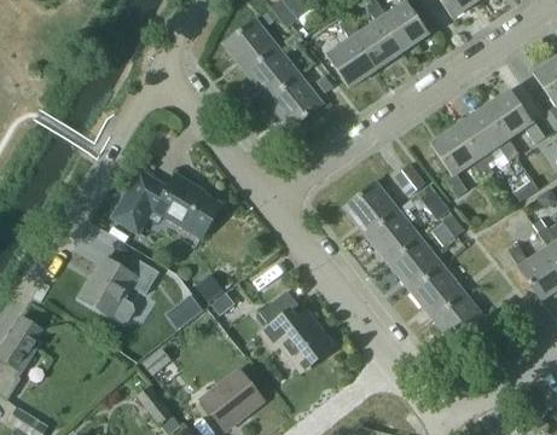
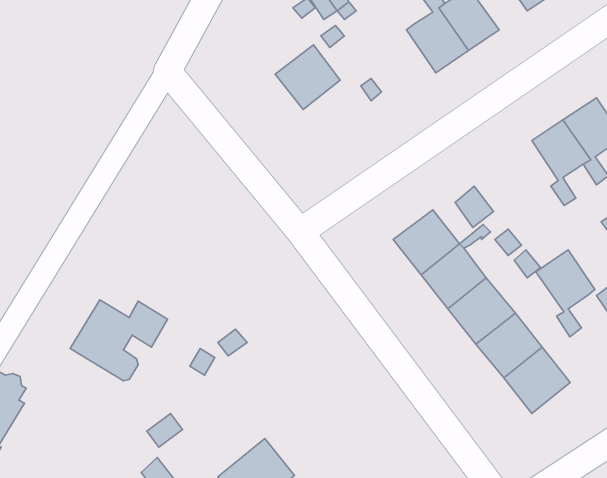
building: [327,16,377,87] -> none
building: [224,18,277,70] -> none
building: [268,75,320,126] -> none
building: [429,124,477,196] -> [536,250,595,337]
building: [115,172,221,237] -> none
building: [261,292,332,371] -> none

